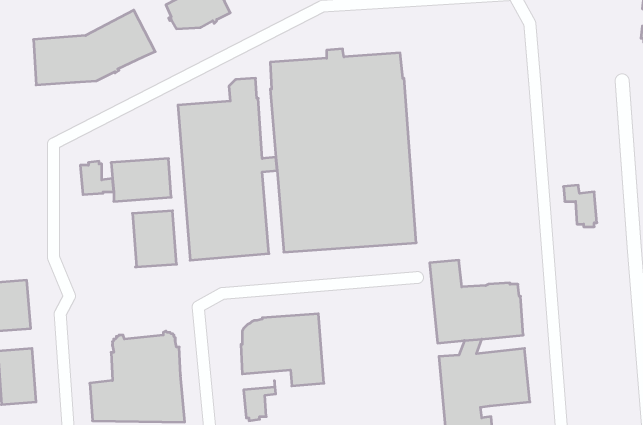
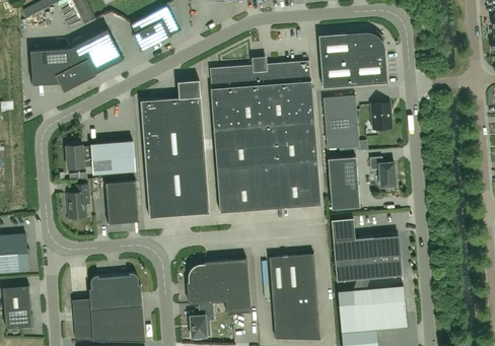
building: none -> [319,32,387,87]
building: none -> [323,95,359,148]
building: none -> [371,103,392,130]
building: none -> [328,156,359,209]
building: [563,185,597,227] -> [370,157,396,189]
building: none -> [67,184,88,218]
building: none -> [269,254,321,339]

